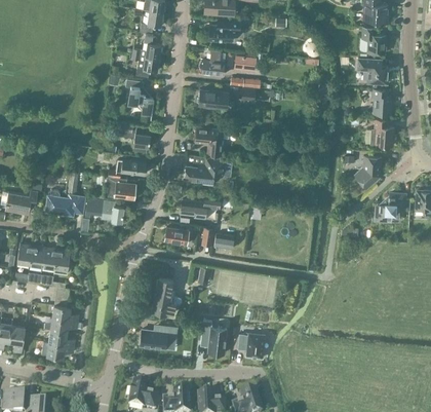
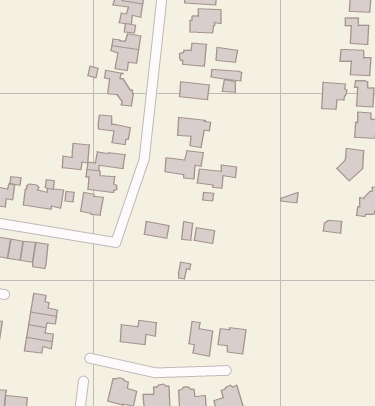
building: none -> [322,82,347,110]
building: none -> [62,143,89,170]
building: [181,195,220,218] -> [197,165,237,188]
building: [153,277,175,317] -> none

